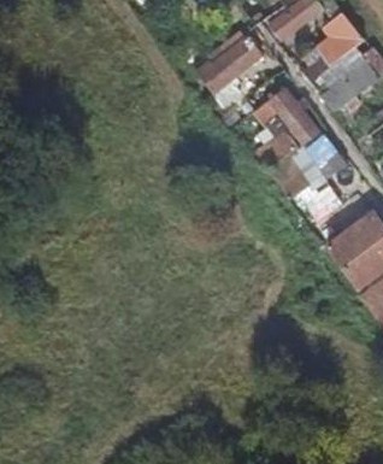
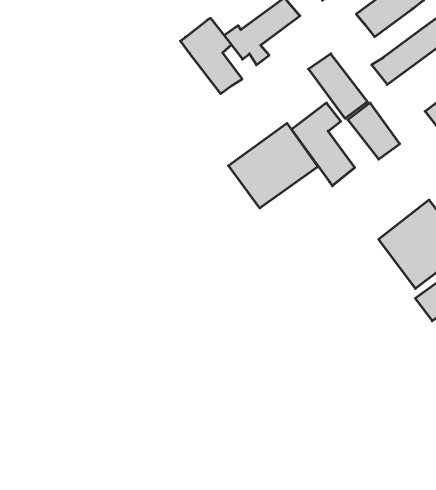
building: [302,47,369,89] -> none
building: none -> [180,18,242,94]
building: none -> [228,123,318,208]

